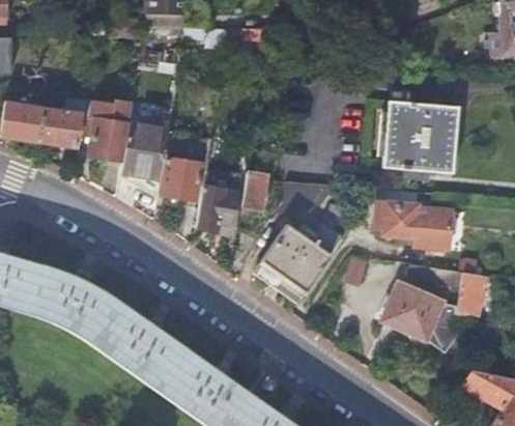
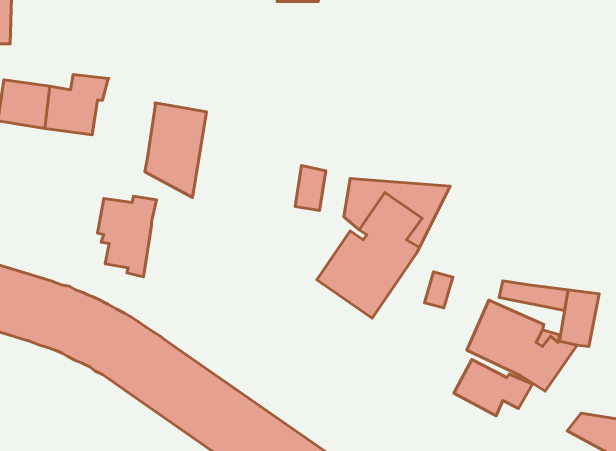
building: [84,101,132,166] -> [97,196,156,277]
building: [381,103,456,172] -> none
building: [162,159,201,199] -> none
building: [196,188,237,234] -> none
building: [375,191,452,251] -> none
building: none -> [454,359,533,416]

